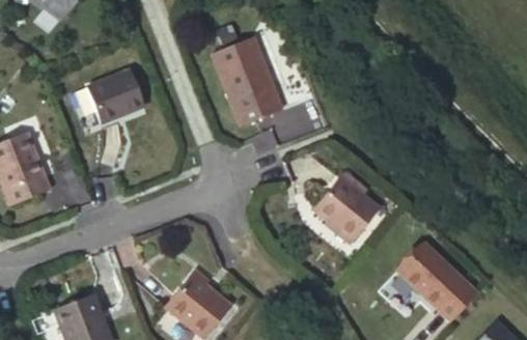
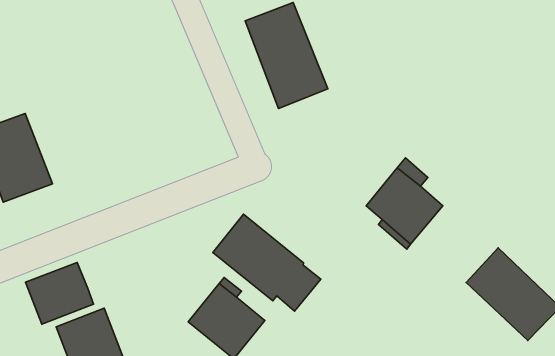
building: [85,68,144,123] -> none
building: none -> [213,214,321,311]
building: none -> [25,262,94,324]

